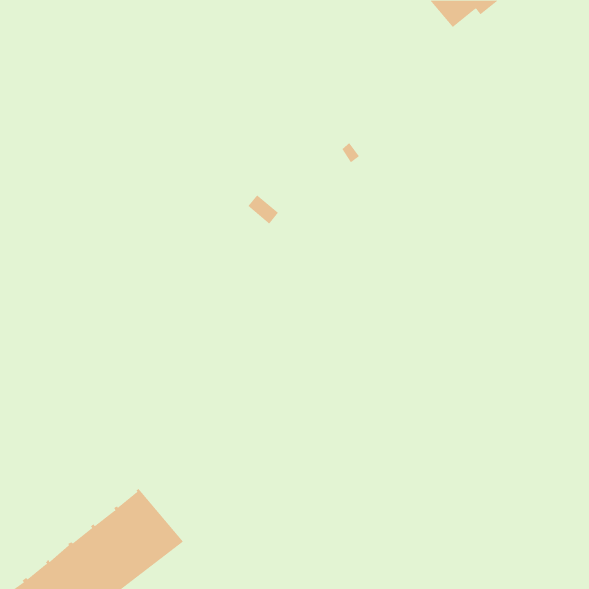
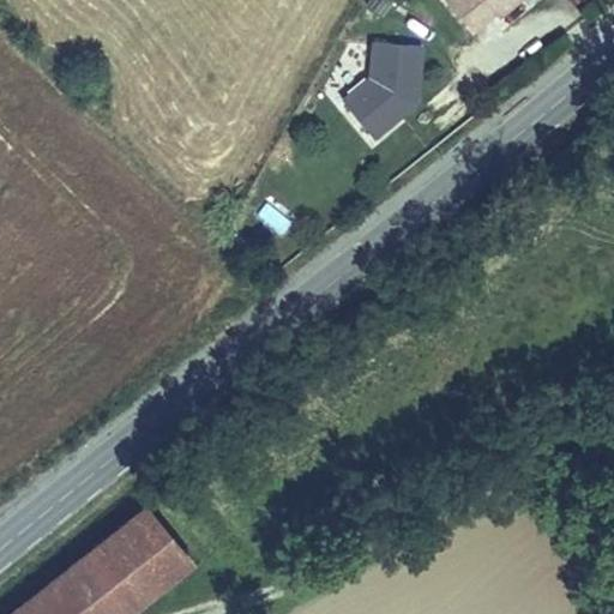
building: none -> [357,40,420,127]

